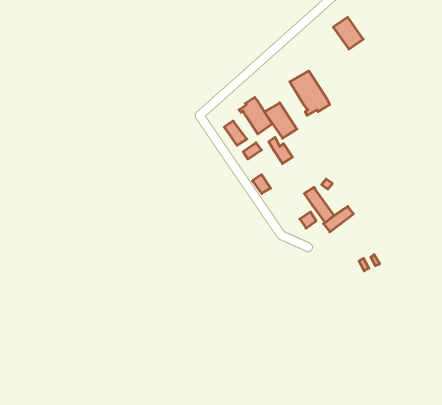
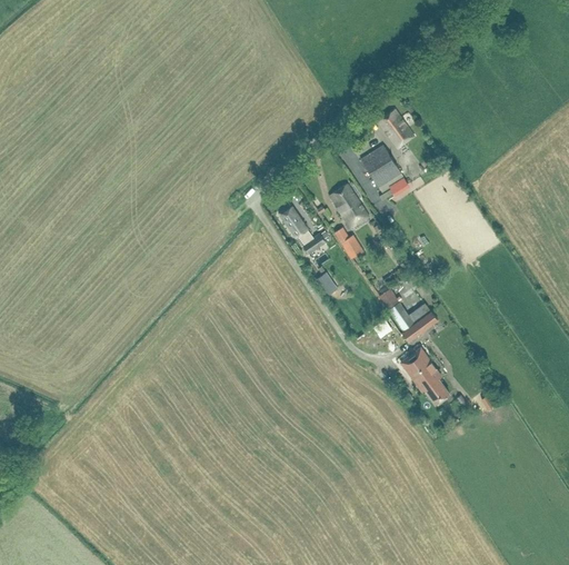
building: [333,17,363,49] -> [378,109,415,148]
building: [239,97,272,134] -> none
building: none -> [400,347,449,404]

